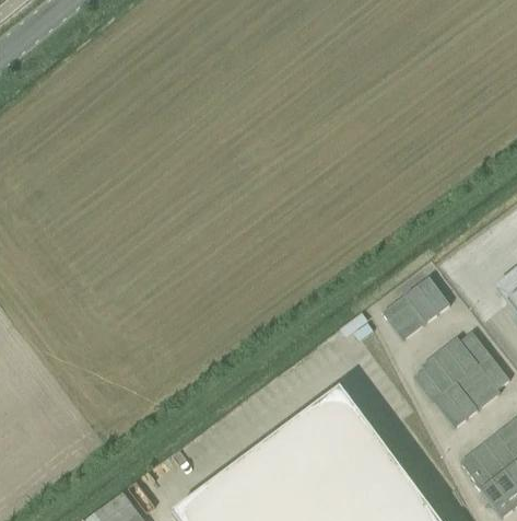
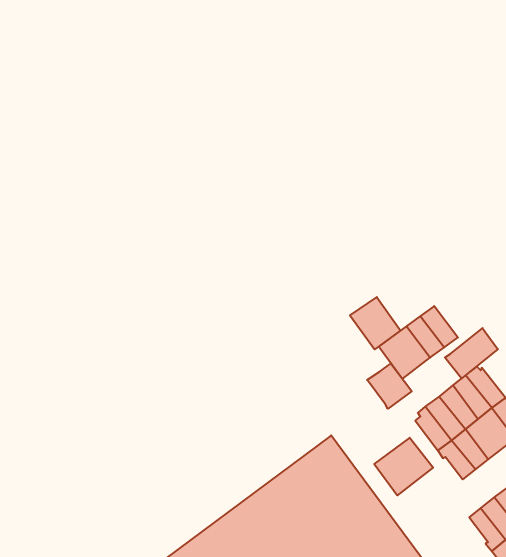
building: none -> [350,297,400,349]
building: none -> [445,328,498,378]
building: none -> [367,363,412,409]
building: none -> [374,438,433,495]

